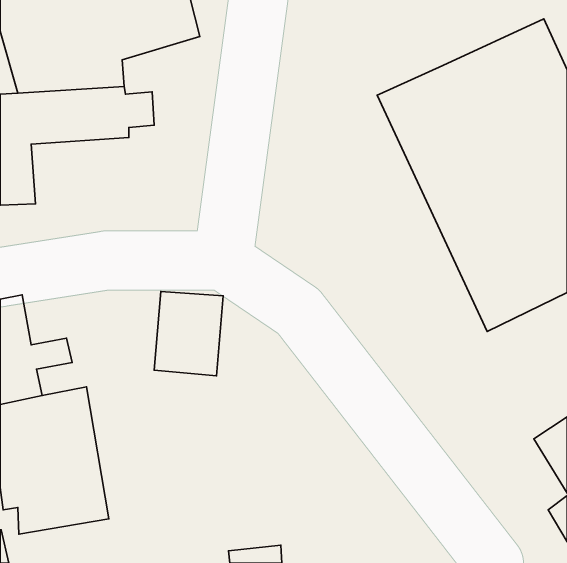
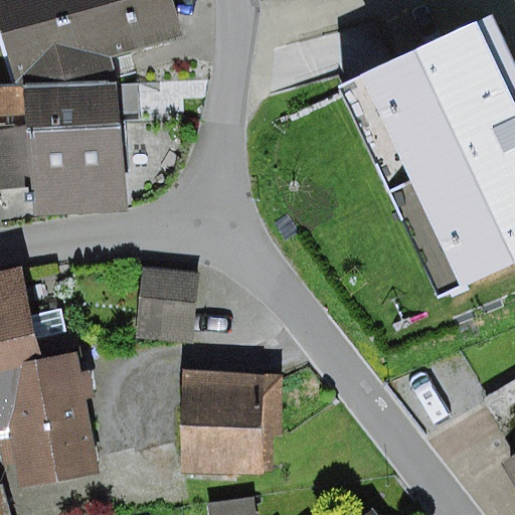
building: none -> [28,125,122,215]
building: none -> [183,366,279,474]

